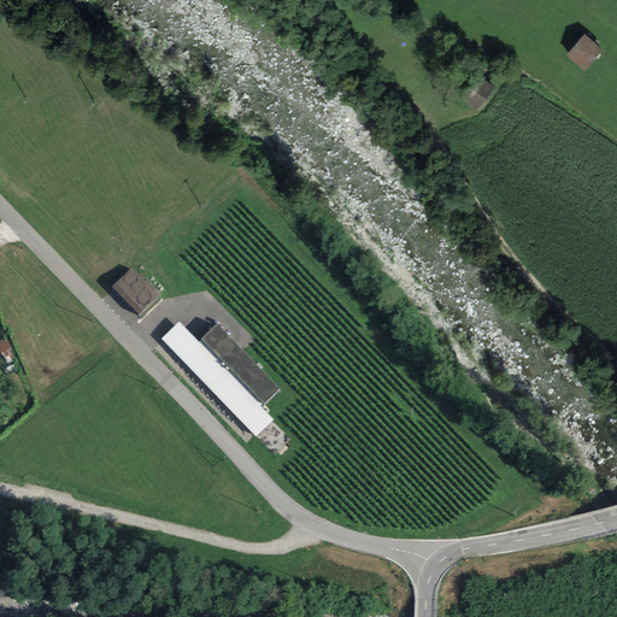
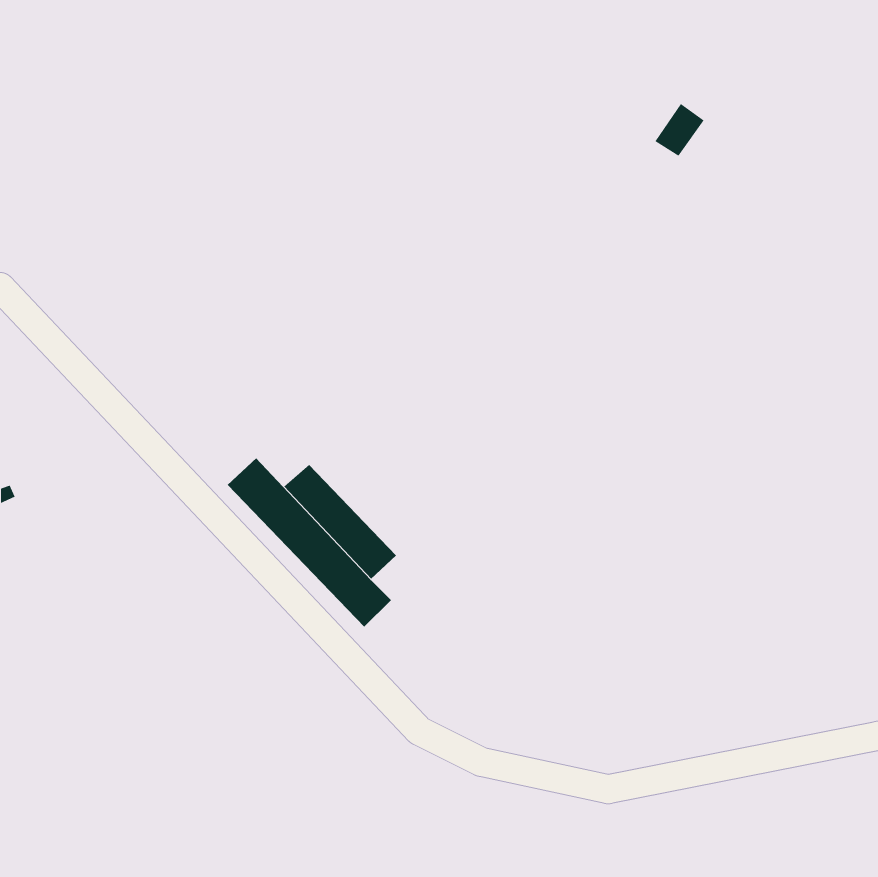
building: [566,31,604,69] -> none
building: [111,268,159,316] -> none

